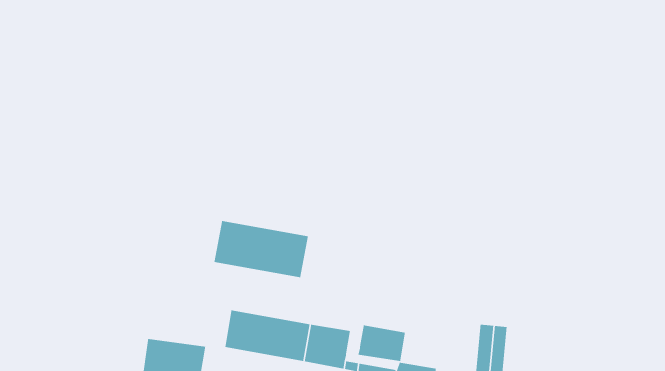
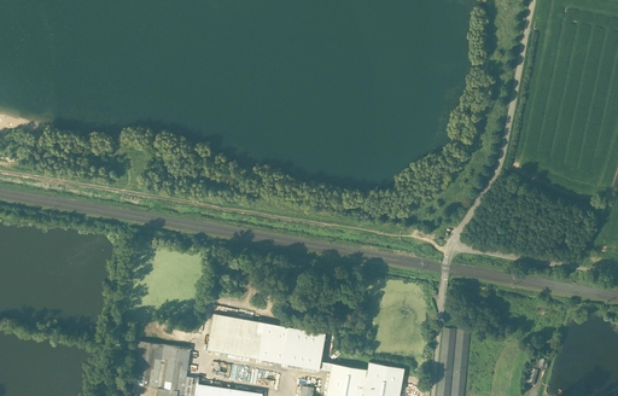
building: [214,220,309,278] -> none
building: [358,325,406,362] -> none

